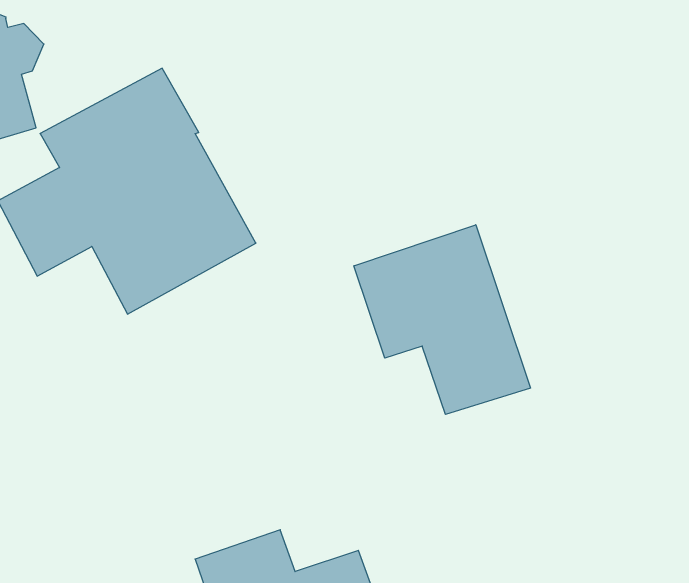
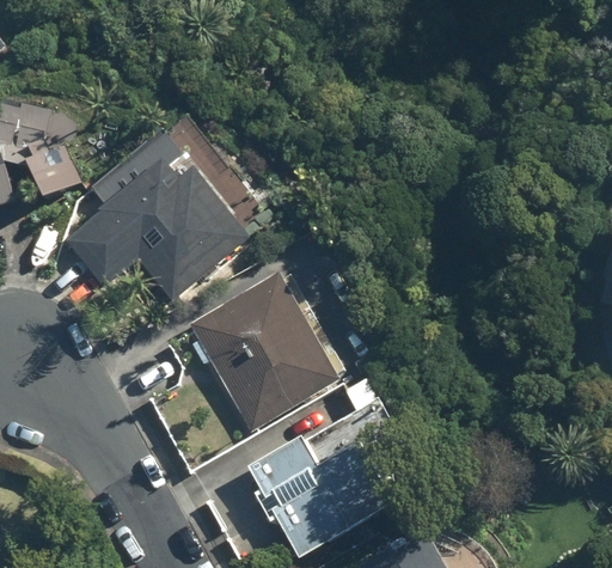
building: [354,225,530,414] -> none
building: none -> [185,270,341,433]

